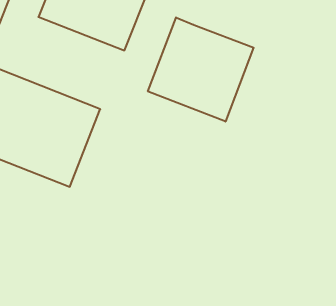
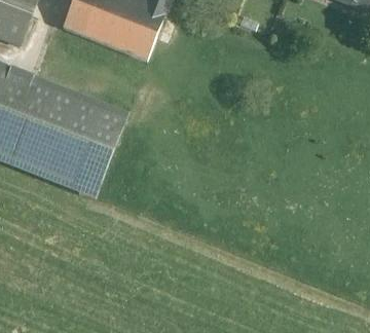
building: [148,17,254,122] -> none

